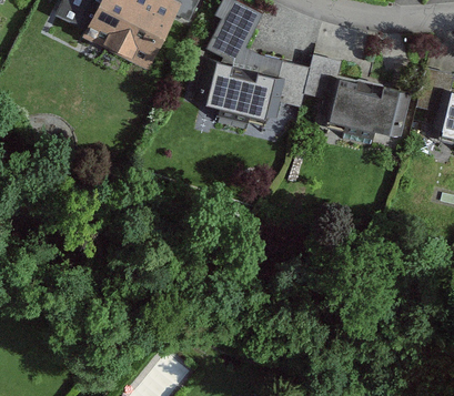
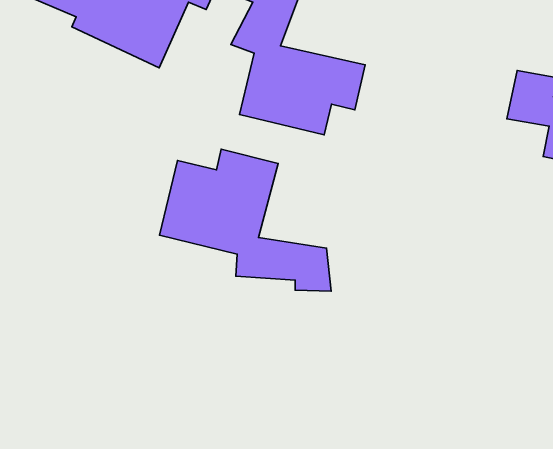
building: [305,59,408,138] -> none
building: none -> [159,149,331,291]

